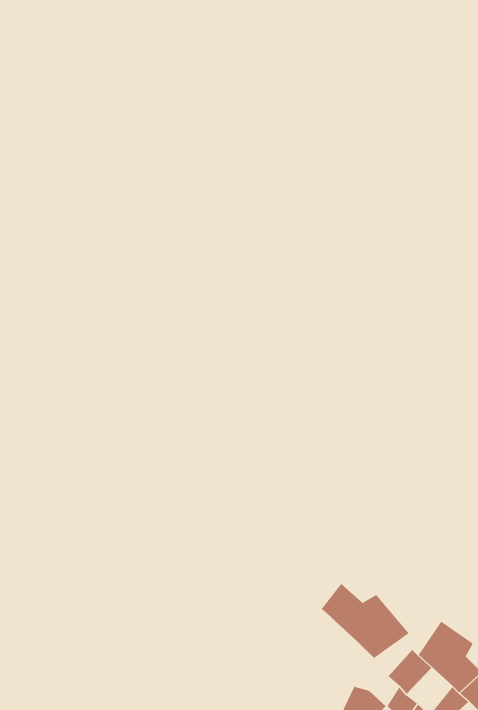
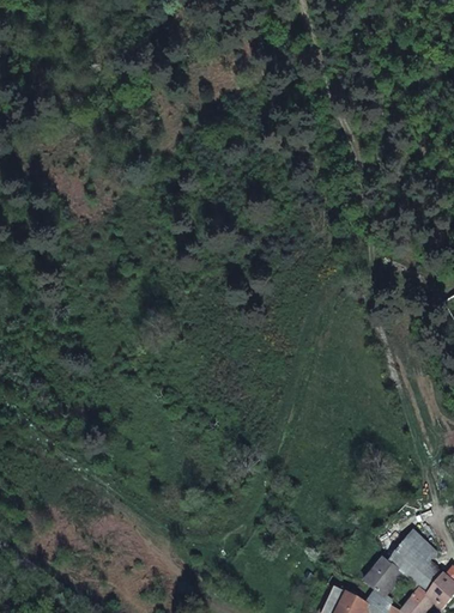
building: [321,583,410,659] -> none

